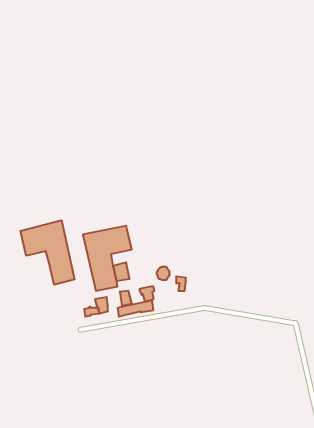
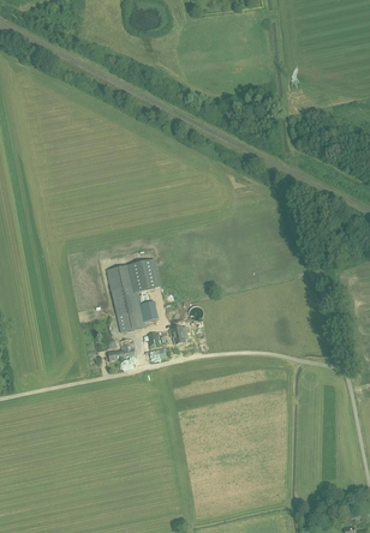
building: [21,220,75,285] -> none

